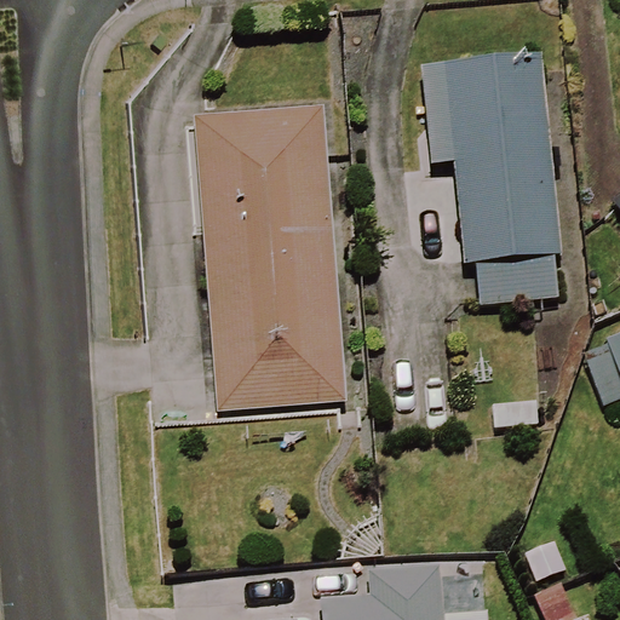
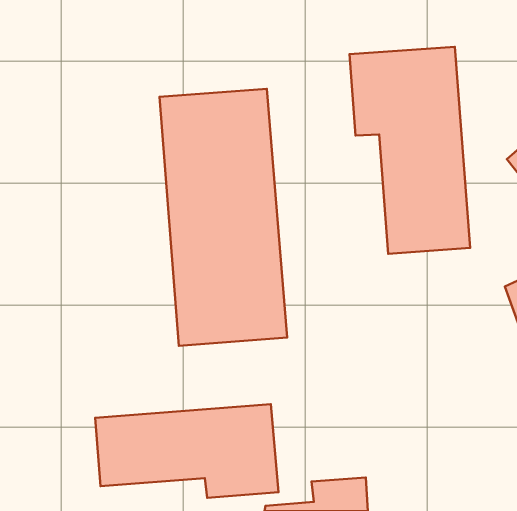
building: none -> [95,404,278,498]

